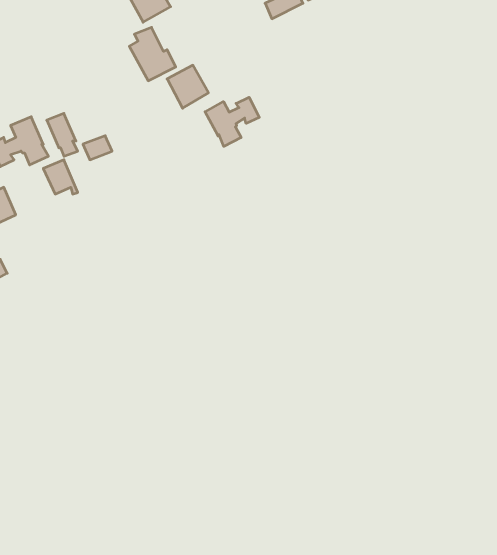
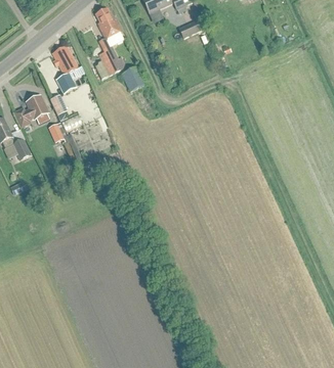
building: none -> [51,45,77,92]
building: [205,97,259,146] -> none

